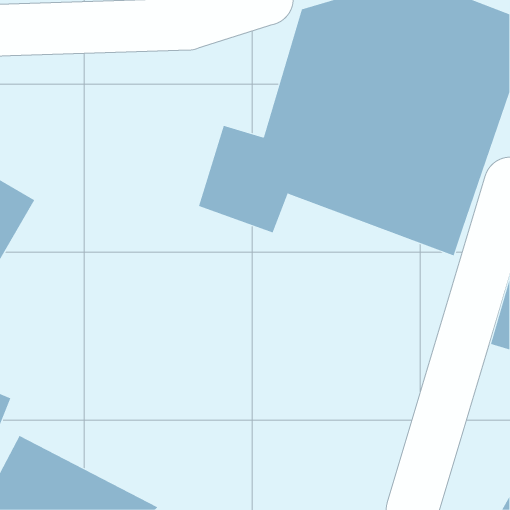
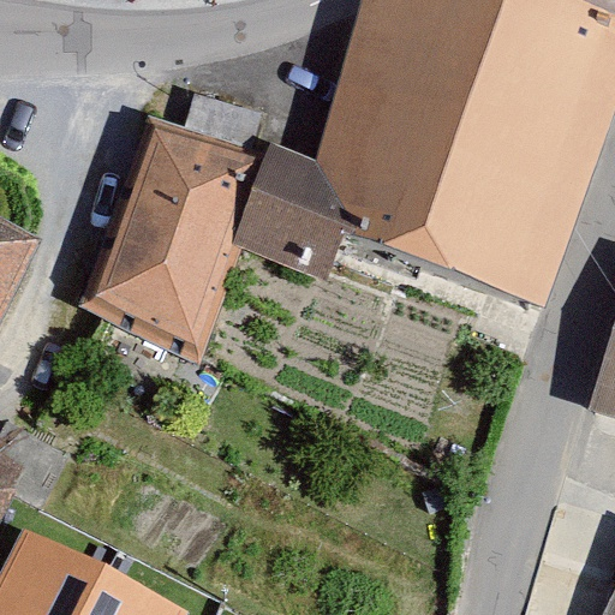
building: none -> [79,115,268,363]

